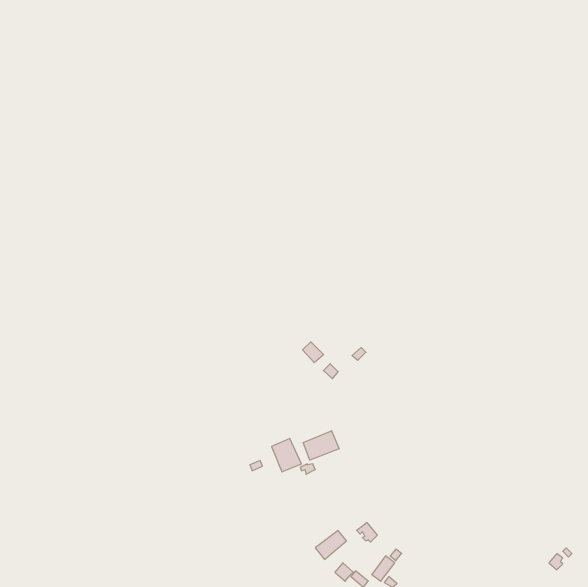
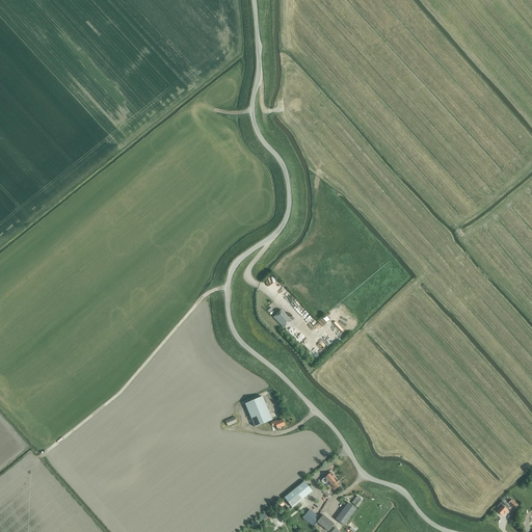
building: [303,431,339,460] -> none

